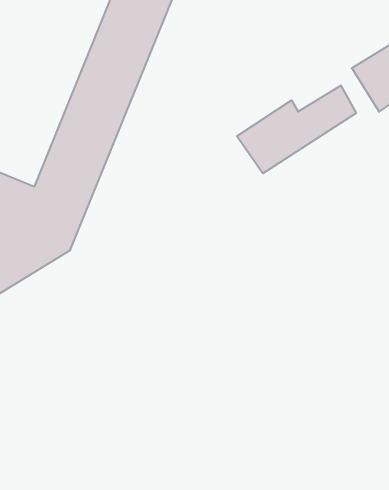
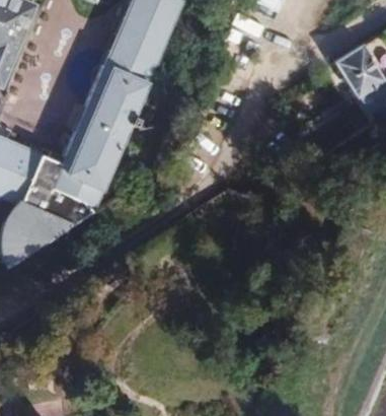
building: [237,85,356,173] -> none

